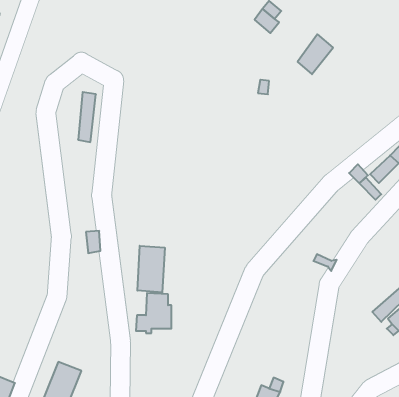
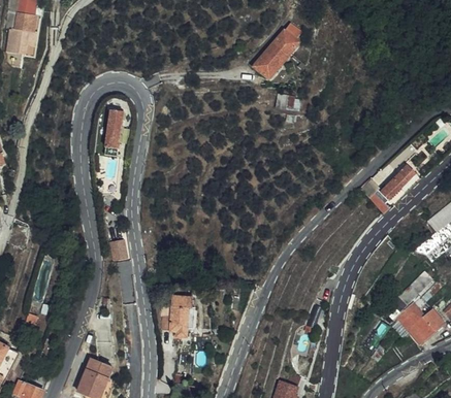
building: [298,34,333,74] -> [254,41,287,78]
building: [137,246,165,293] -> none

